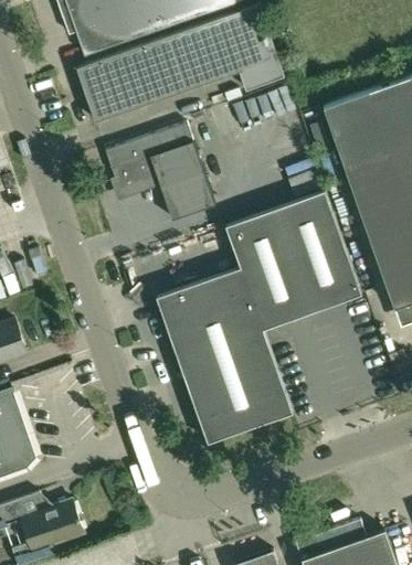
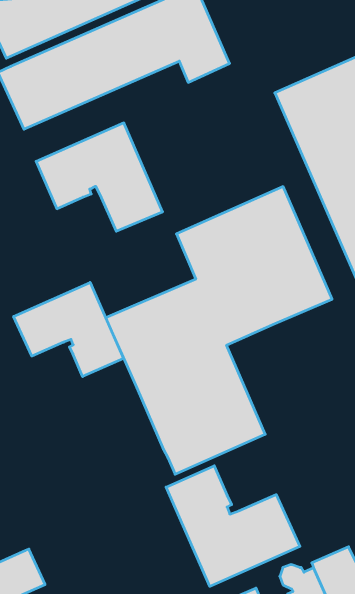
building: none -> [14,282,124,377]
building: none -> [166,466,300,586]

